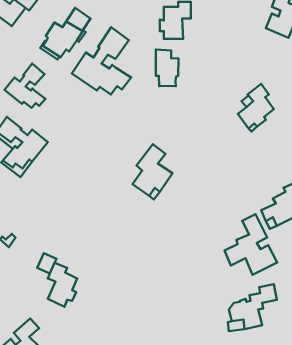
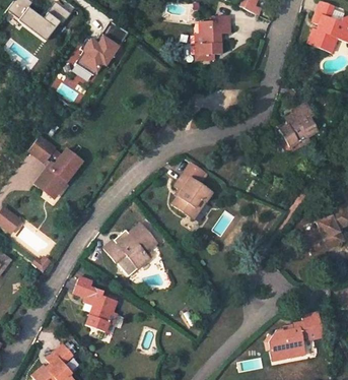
building: [72,27,131,95] -> none
building: [156,49,178,86] -> none
building: [5,64,46,108] -> none
building: none -> [102,225,156,275]
building: [224,214,277,275] -> none

